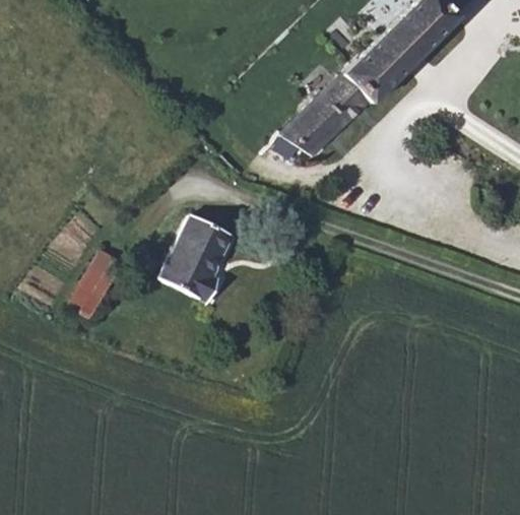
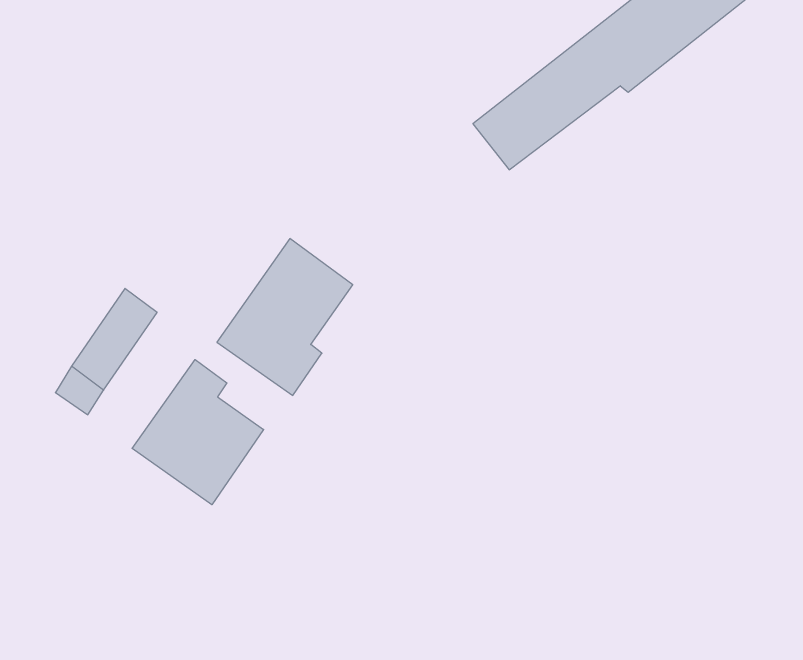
building: none -> [132,360,264,505]

